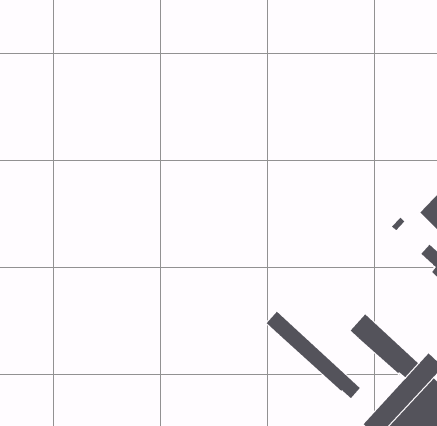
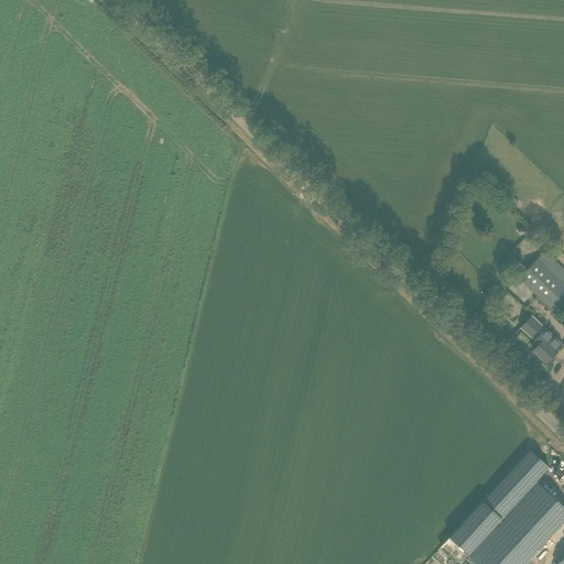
building: [266,311,361,399] -> none
building: [350,314,419,378] -> none

